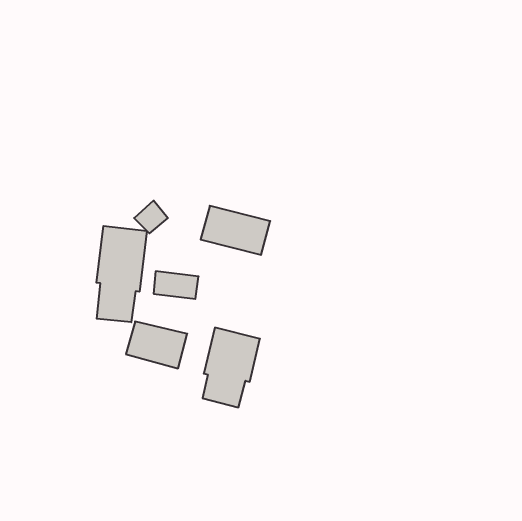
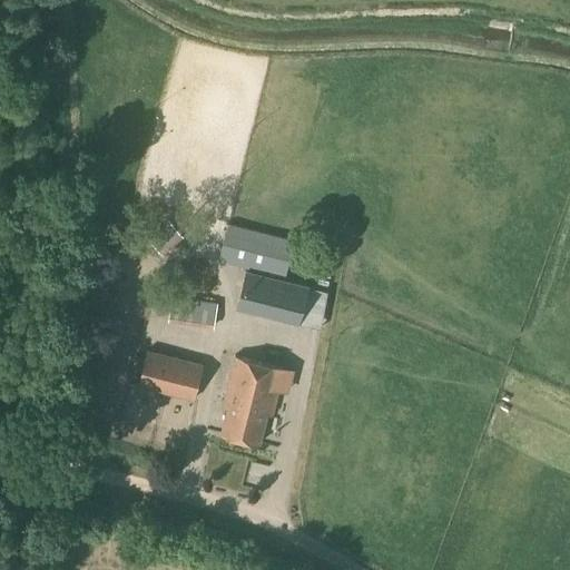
building: [96,226,147,322] -> none
building: none -> [236,272,328,331]

